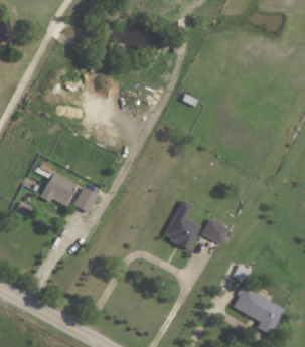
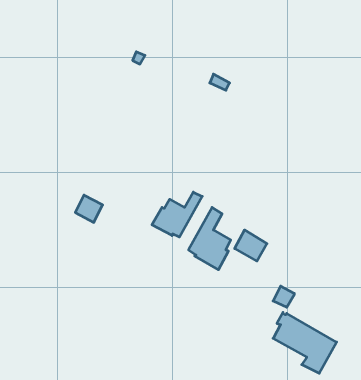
building: [36,162,77,205] -> none
building: none -> [152,192,202,237]

